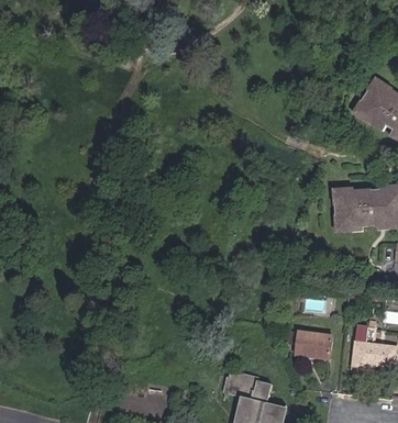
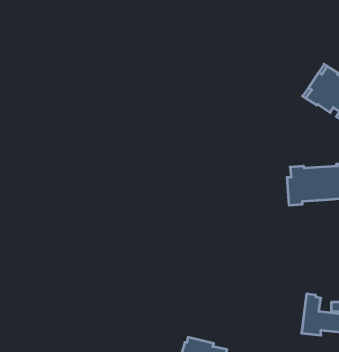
building: [296,331,332,358] -> none

